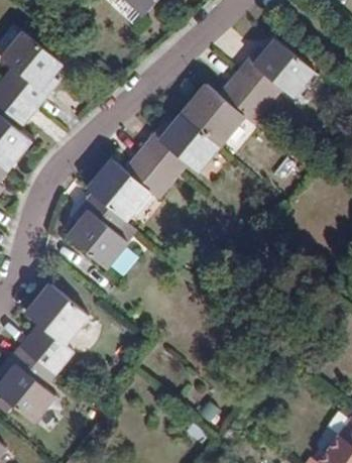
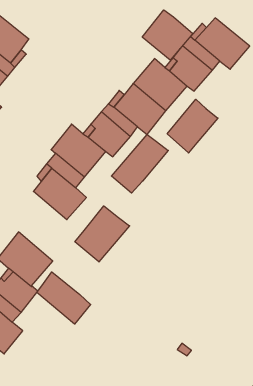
building: none -> [142,10,193,60]
building: none -> [167,99,218,153]
building: none -> [111,135,168,193]
building: none -> [75,206,130,262]
building: none -> [37,272,91,324]

